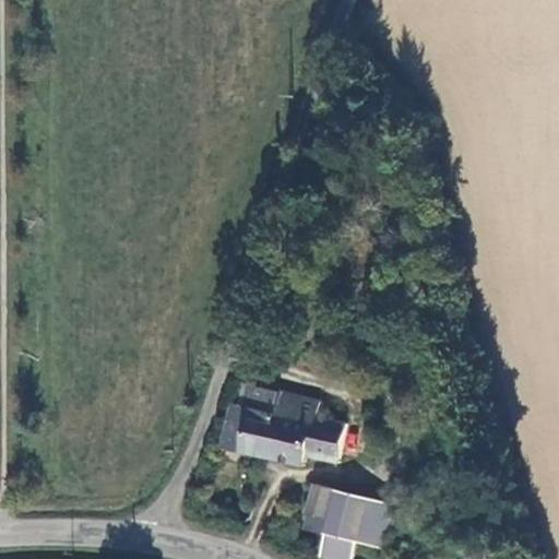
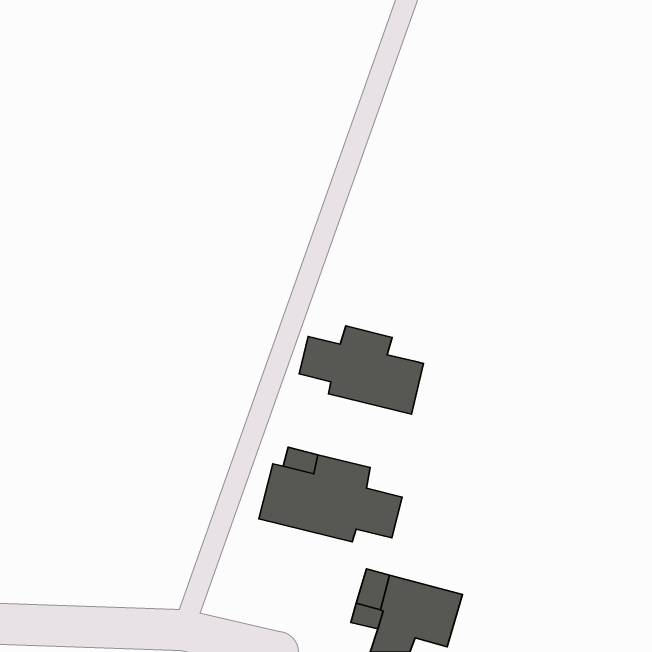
building: none -> [299,326,424,414]

